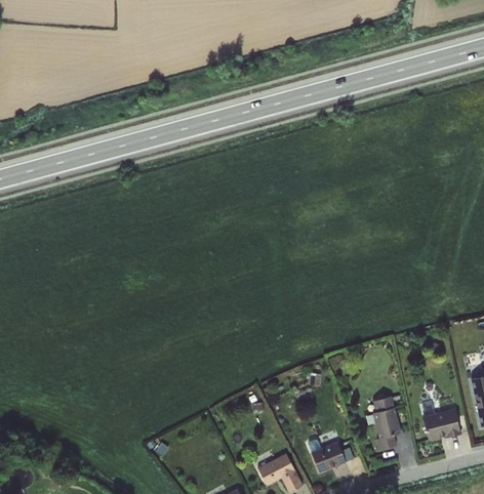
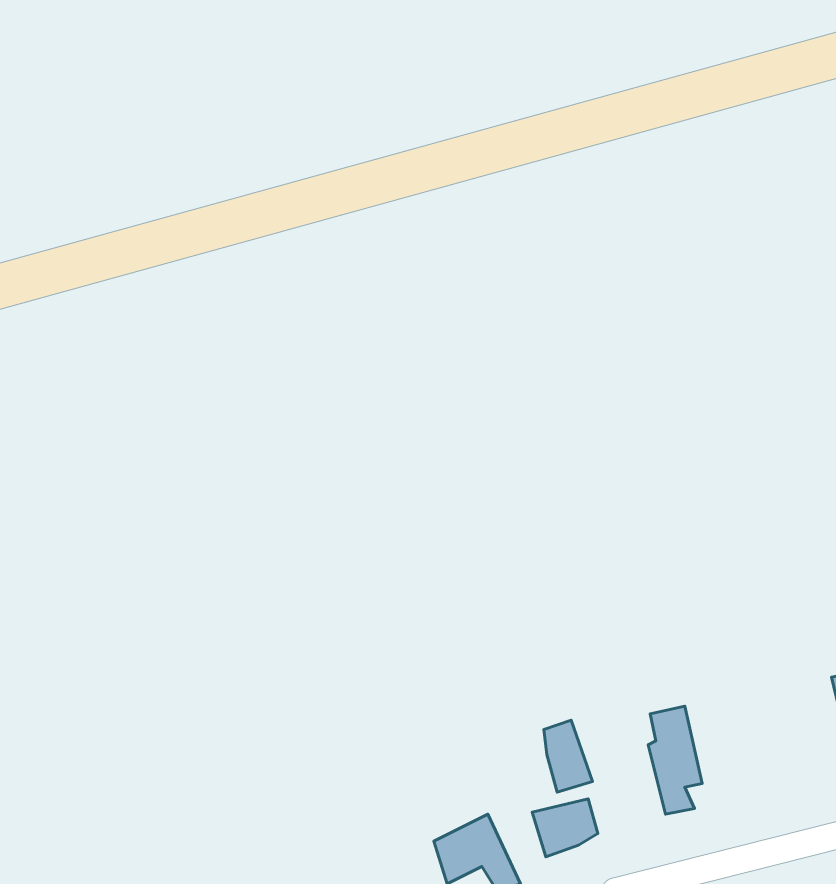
building: none -> [544,720,593,792]
building: [421,405,460,442] -> none

